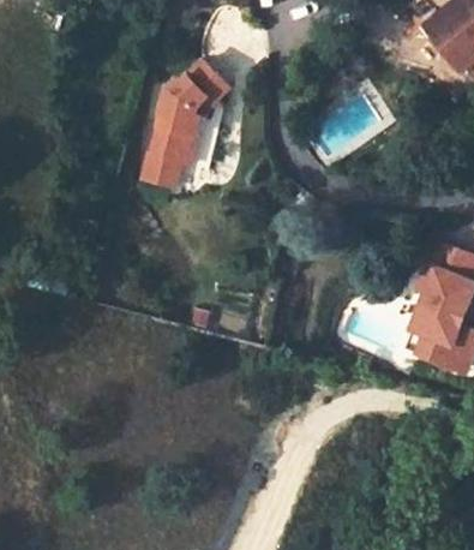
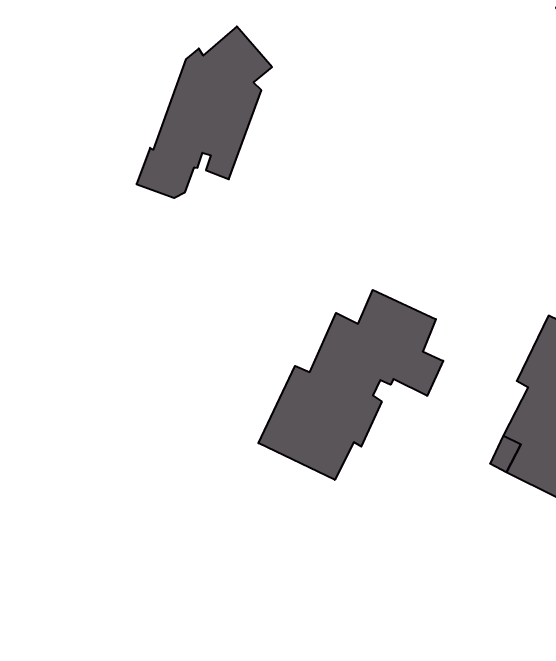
building: none -> [258,290,443,480]

